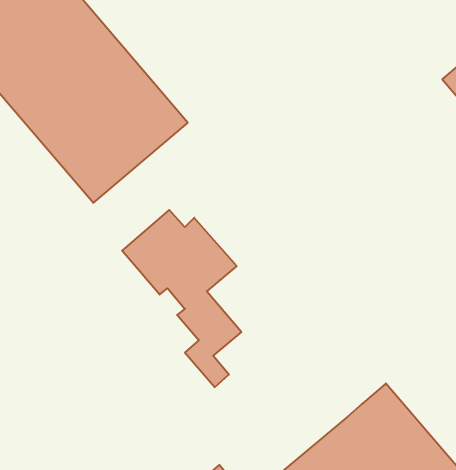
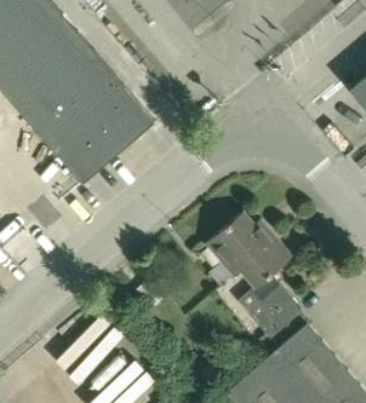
building: [122,210,241,387] -> [205,212,297,349]

